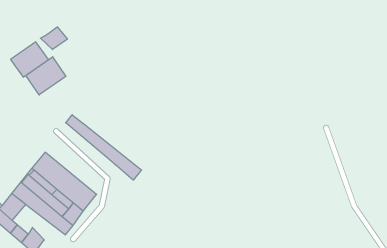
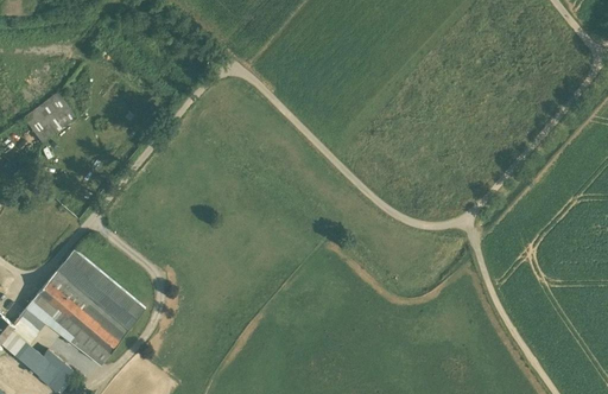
building: [40,27,67,50] -> none
building: [26,57,66,95] -> none
building: [66,115,142,180] -> none

